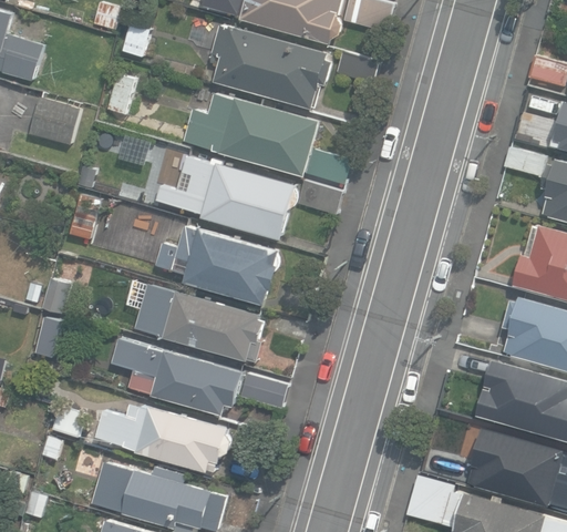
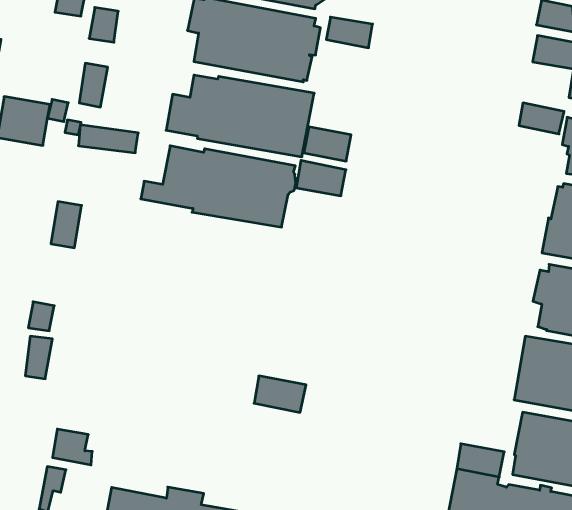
building: [154,225,278,306] -> none
building: [125,279,262,361] -> none
building: [109,336,244,416] -> none
building: [94,405,230,471] -> none

